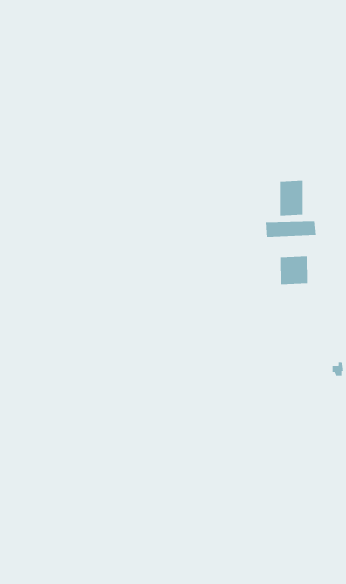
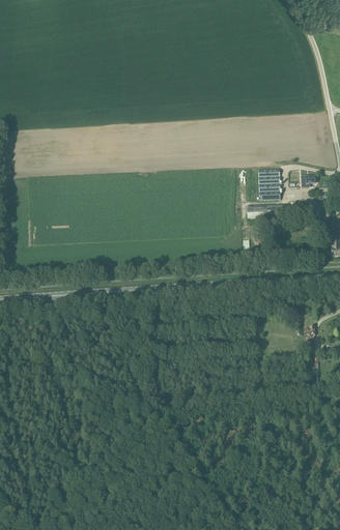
building: [280,256,308,285] -> none

